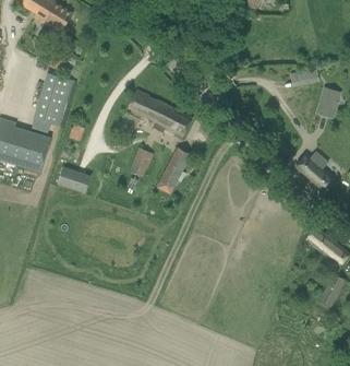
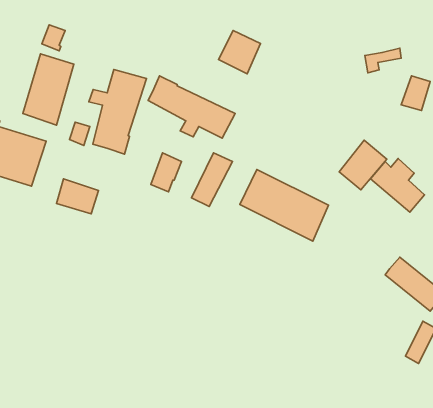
building: none -> [218,30,260,74]
building: none -> [89,69,147,154]
building: none -> [339,140,387,190]
building: none -> [240,170,328,241]

